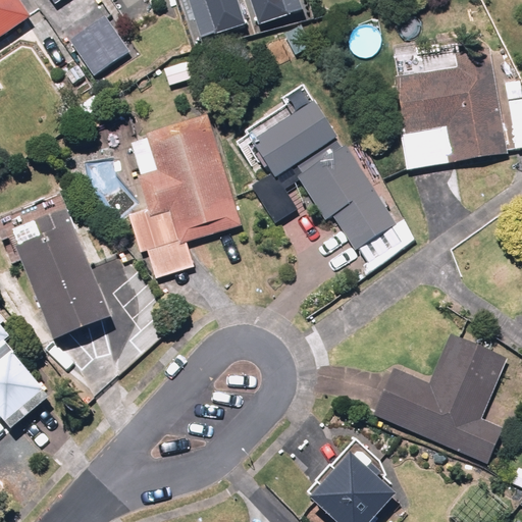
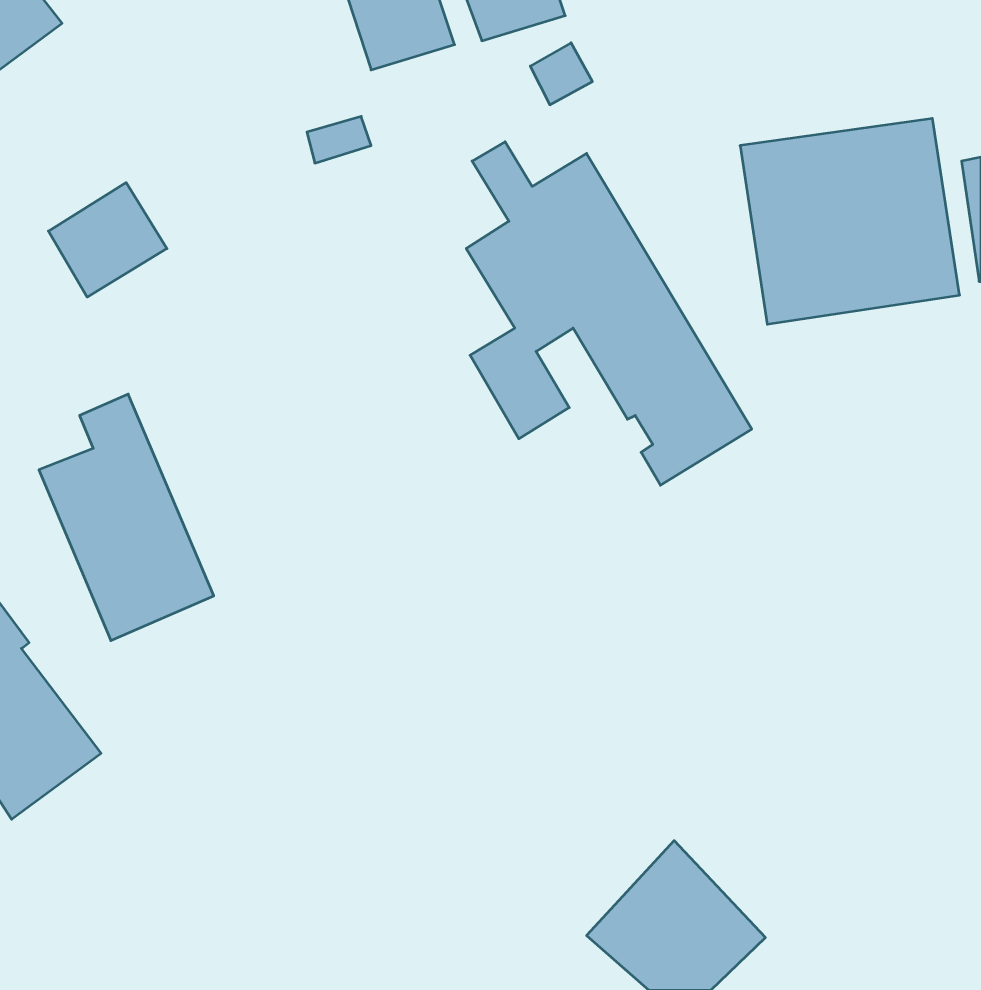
building: [64,16,126,76] -> [48,183,167,297]
building: [125,115,239,275] -> none
building: [370,333,507,465] -> none

